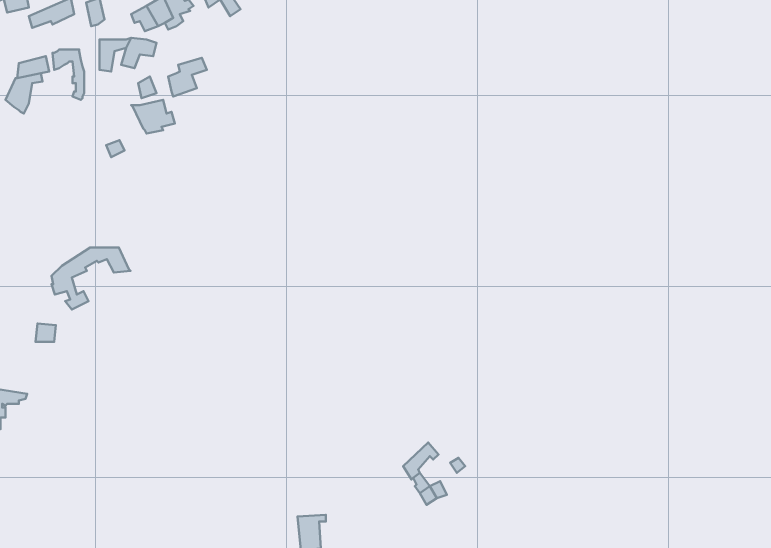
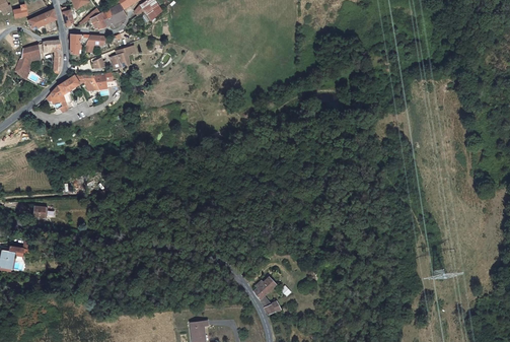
building: [52,247,130,310] -> [51,75,98,113]

